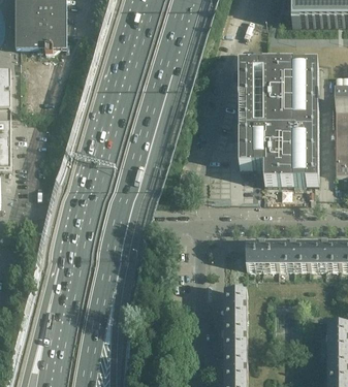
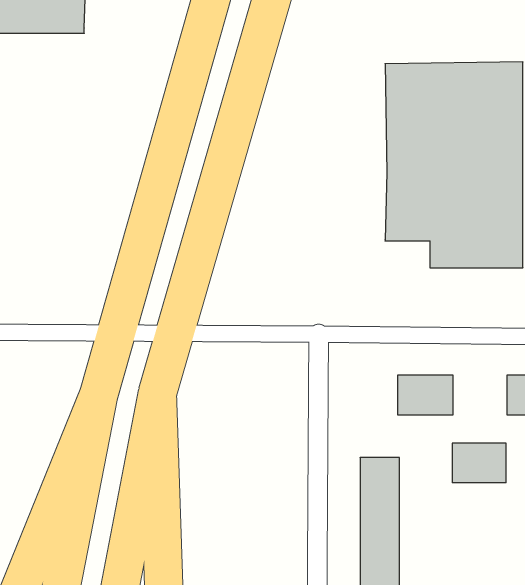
building: [277,243,308,265] -> [452,443,506,483]

